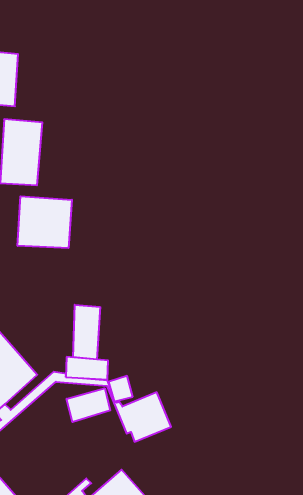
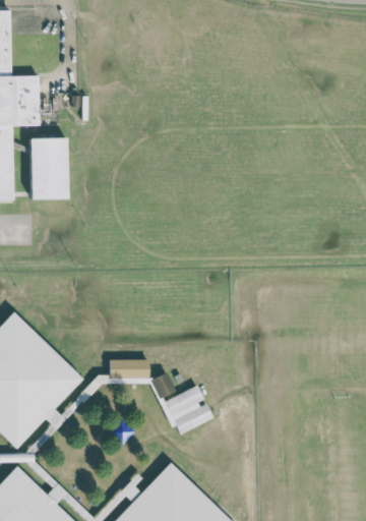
building: [18,196,72,248] -> none
building: [73,305,100,359] -> none
building: [67,388,110,422] -> none

